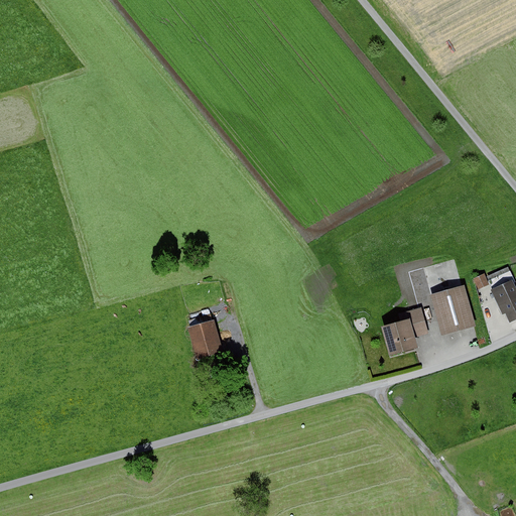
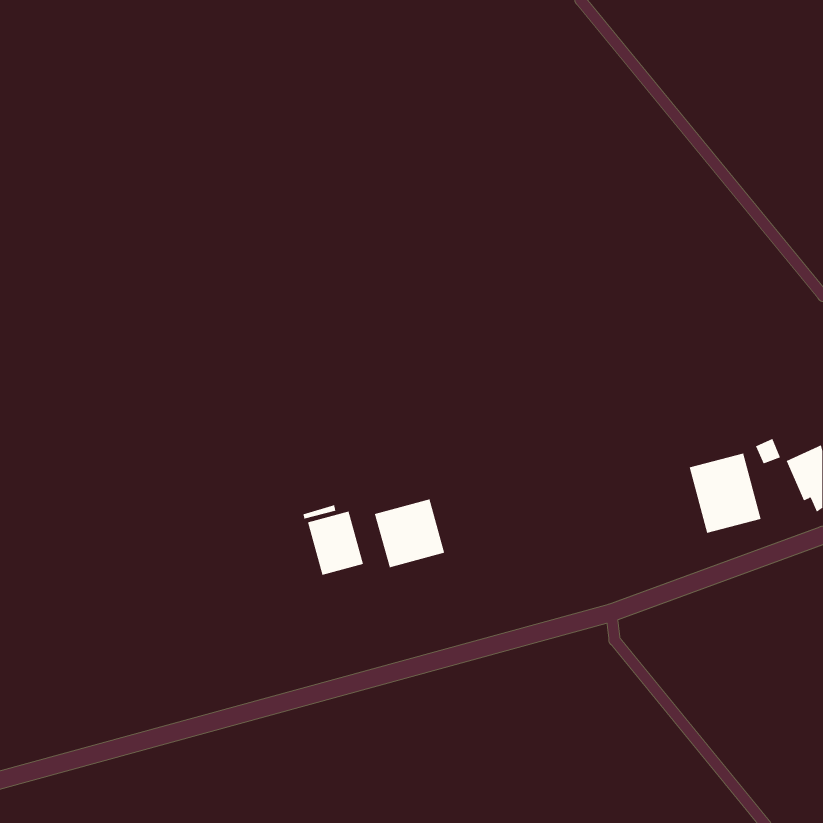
building: [380,307,428,356] -> none
building: none -> [374,498,445,568]

